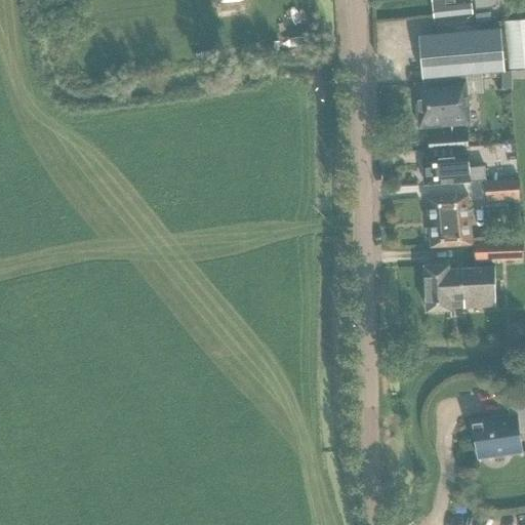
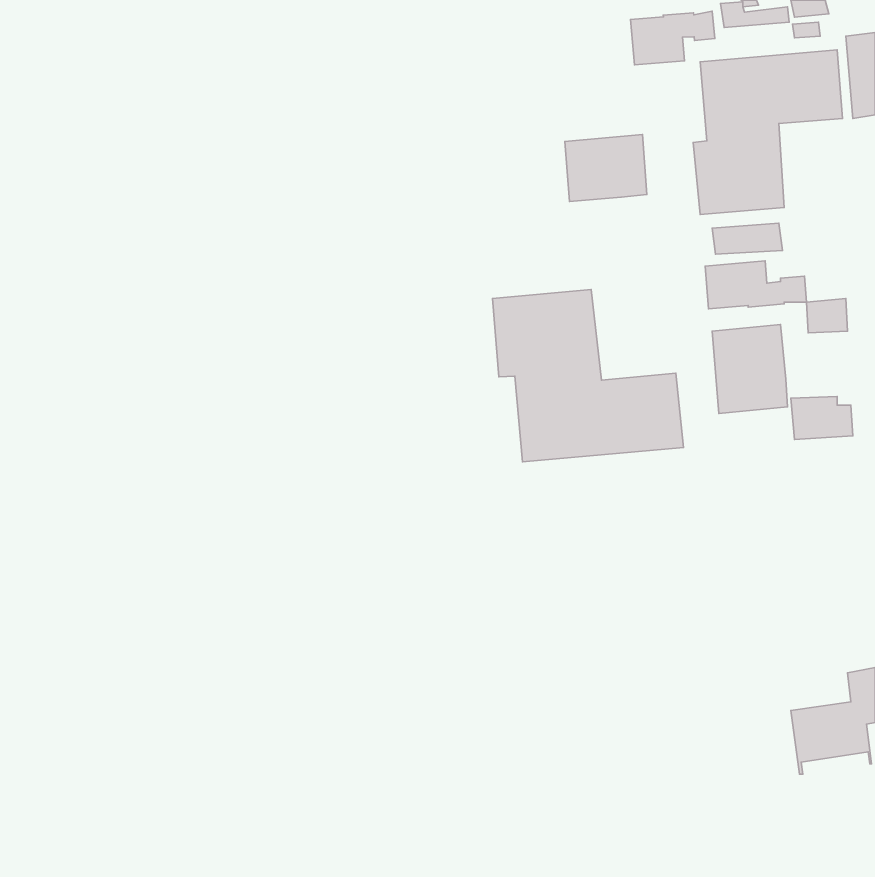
building: none -> [631,11,715,65]
building: none -> [565,134,647,201]
building: none -> [493,289,683,462]
building: [423,265,494,312] -> none

